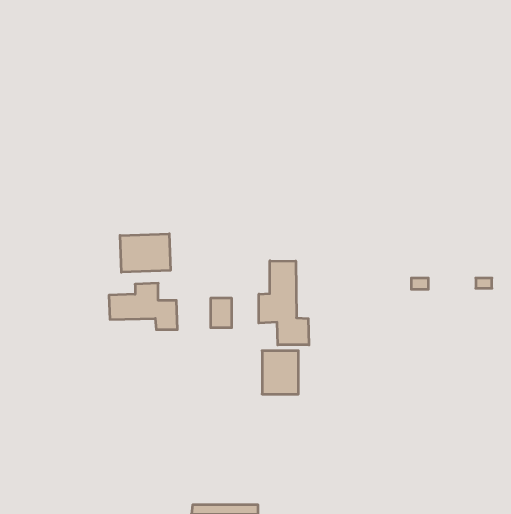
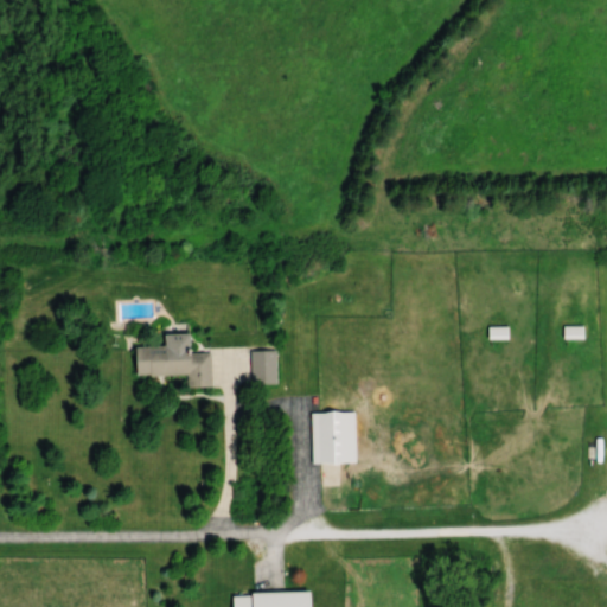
building: [120,234,170,272] -> none
building: [259,261,309,345] -> none

